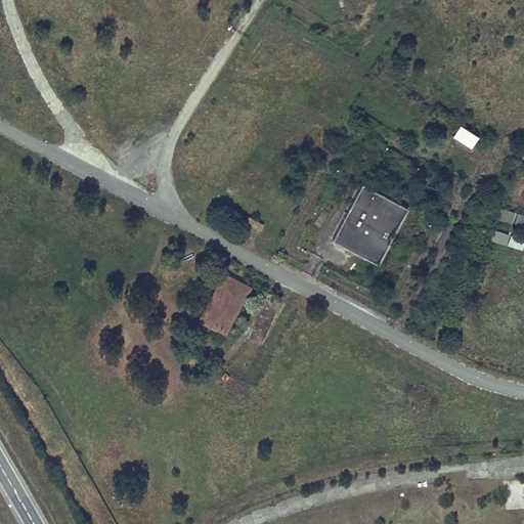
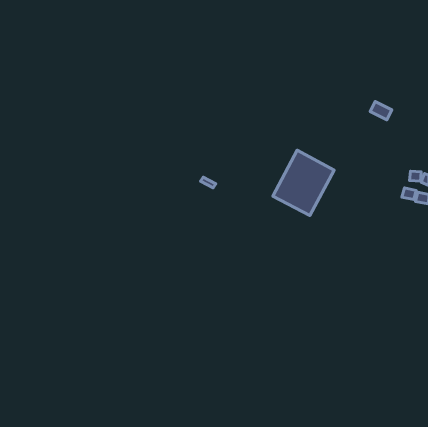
building: [201,275,250,336] -> none

